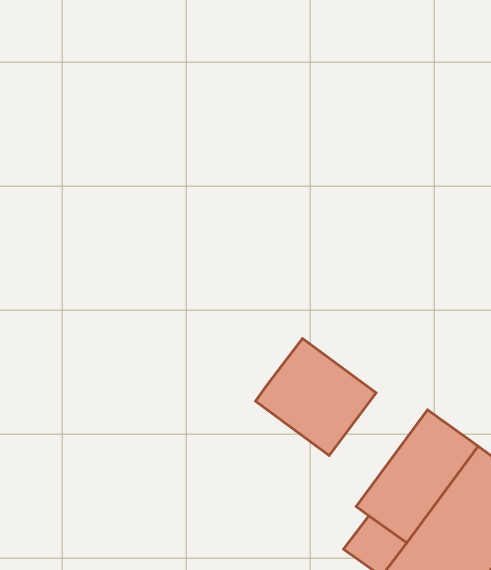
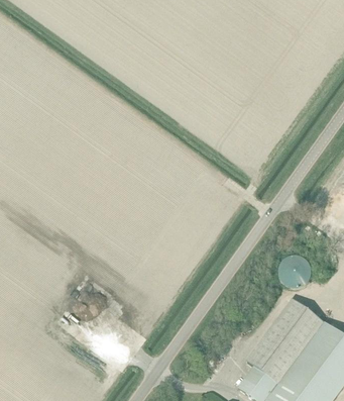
building: none -> [277,253,311,286]
building: [255,338,376,455] -> none

